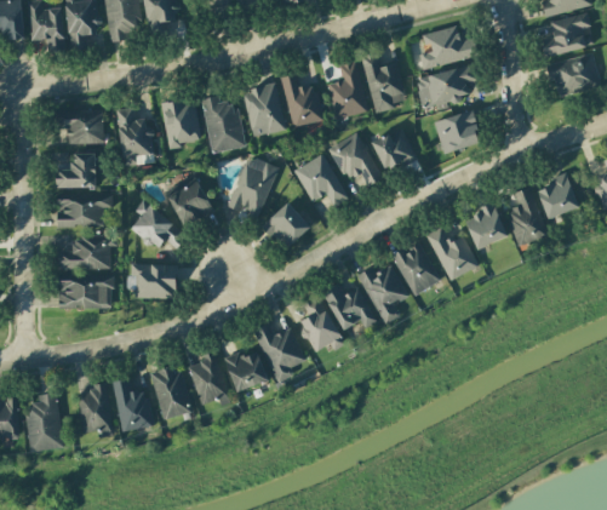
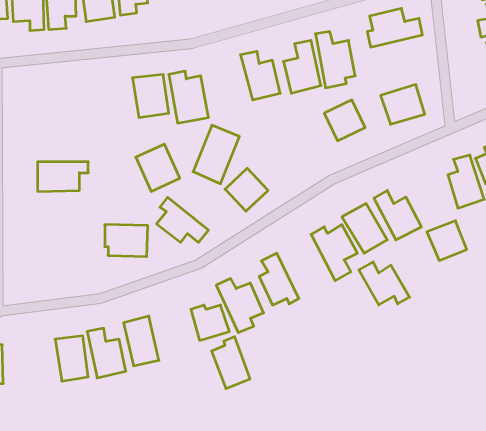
building: [416,65,476,108] -> none
building: [241,84,285,137] -> none
building: [115,107,155,167] -> none
building: [58,110,103,144] -> none
building: [327,133,382,187] -> none
building: [56,154,96,189] -> none
building: [293,154,348,207] -> none
building: [130,200,187,250] -> [157,197,208,242]
building: [463,206,506,250] -> [427,221,467,260]
building: [57,236,116,269] -> none
building: [57,277,113,309] -> none
building: [321,283,377,331] -> [359,262,410,305]
building: [187,351,229,408] -> [212,337,250,389]
building: [24,394,62,451] -> none

